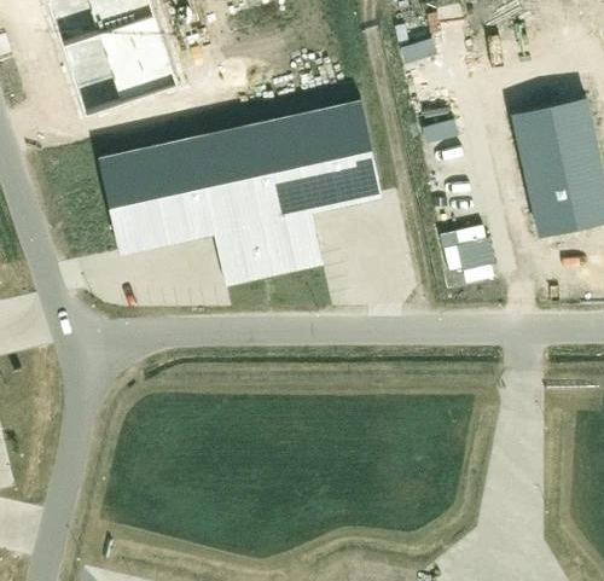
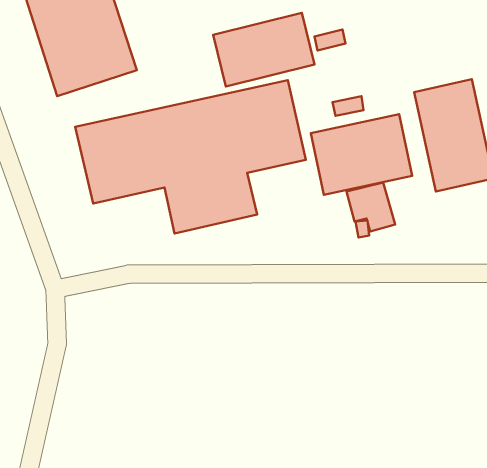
building: none -> [213,13,315,87]
building: none -> [311,114,412,195]

